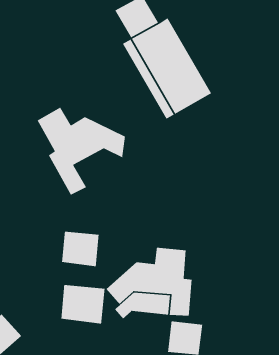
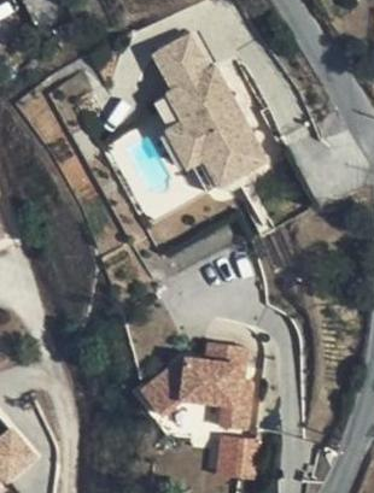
building: [37,106,126,196] -> none
building: [61,231,100,267] -> none
building: [60,284,105,324] -> none

